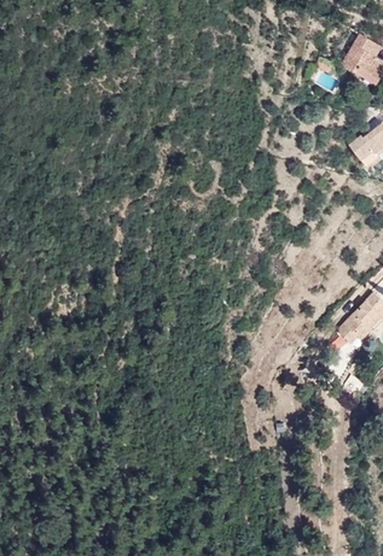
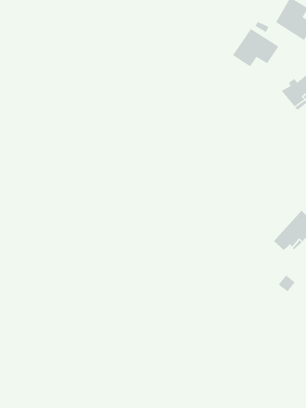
building: none -> [232,28,279,67]

